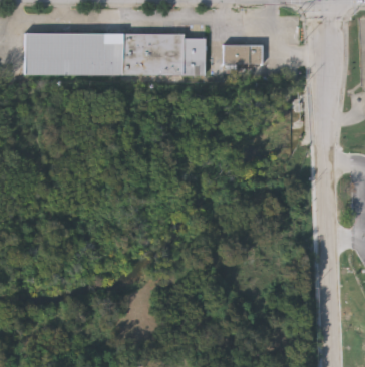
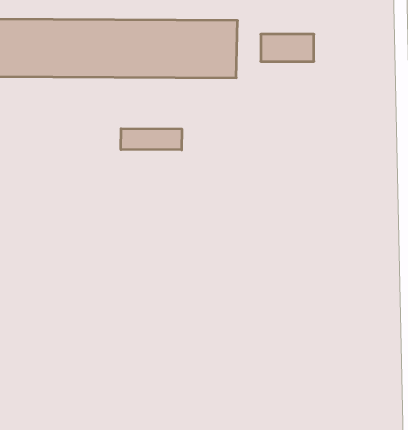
building: none -> [121,129,182,150]

